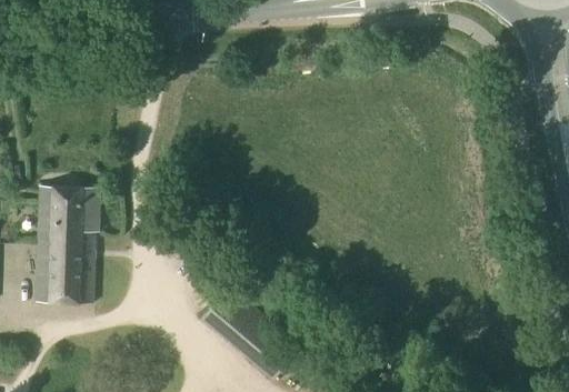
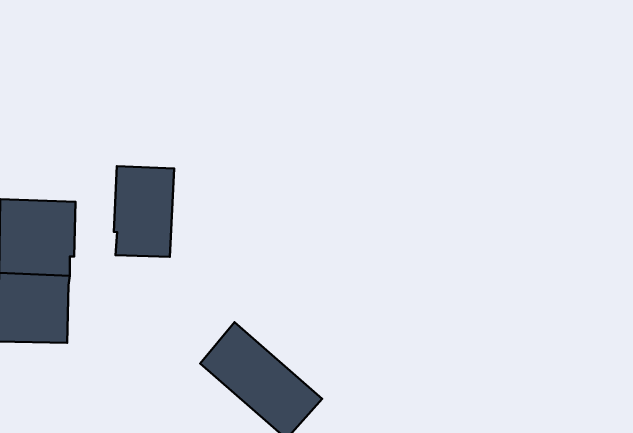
building: none -> [114,166,174,257]

